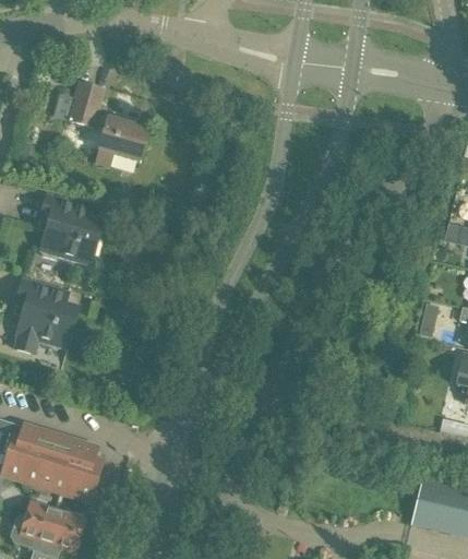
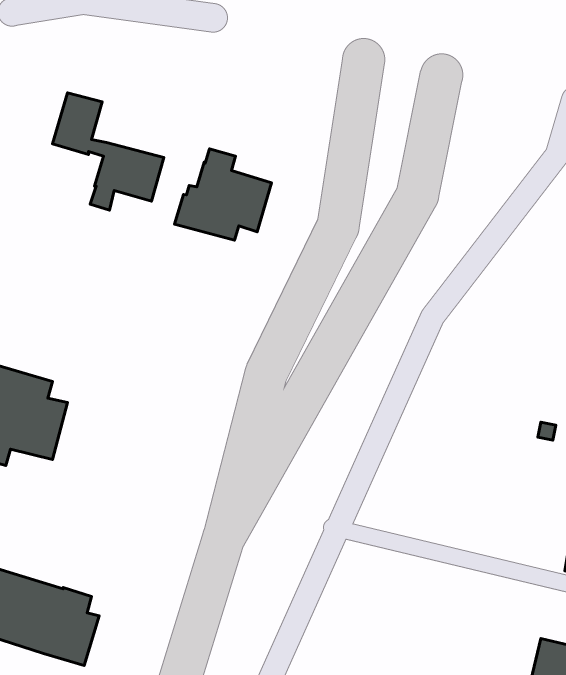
building: none -> [175,149,272,240]
building: [39,194,101,263] -> none

